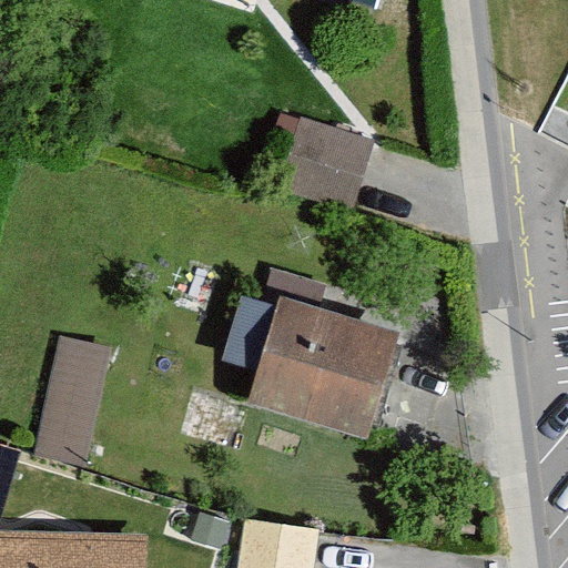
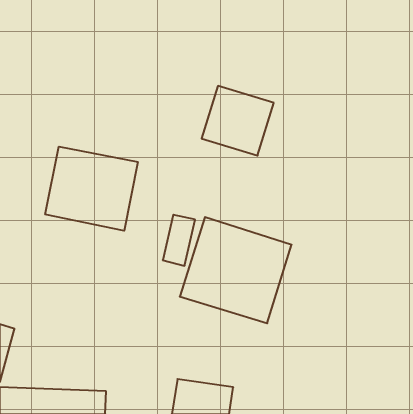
building: none -> [45,147,138,231]
building: [33,333,109,462] -> none

